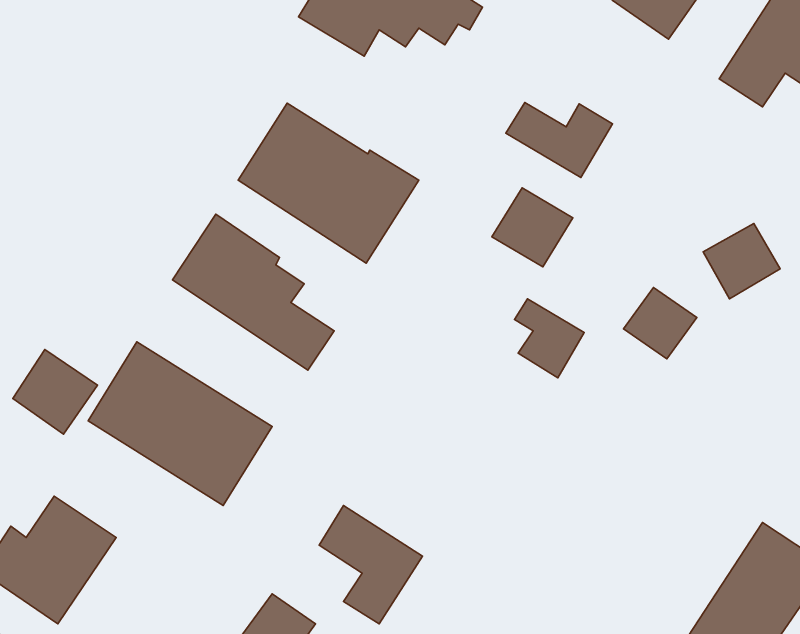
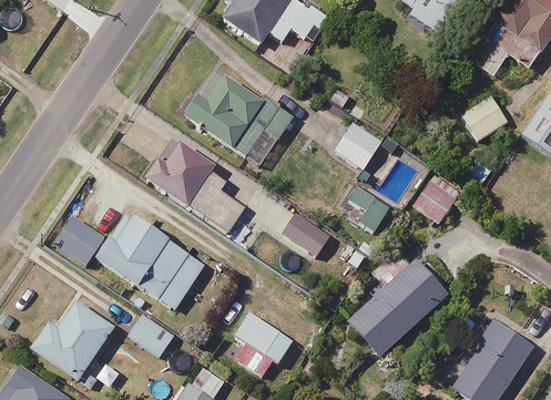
building: [506,103,613,178] -> none
building: [703,224,780,299] -> [462,96,508,141]
building: none -> [284,212,331,257]
building: none -> [347,253,455,356]
building: none -> [127,312,174,356]

